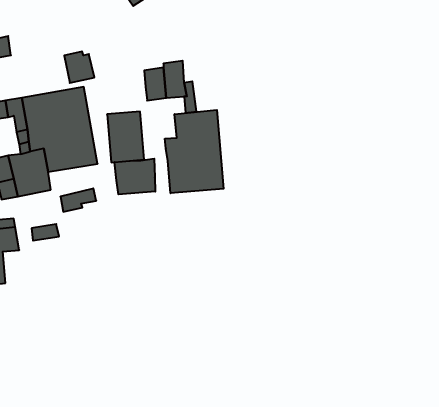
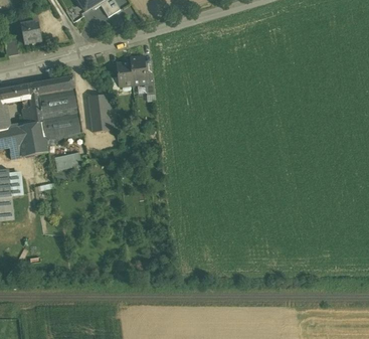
building: [64,51,94,83] -> [20,21,42,44]
building: [165,110,224,193] -> none
building: [115,159,155,194] -> none

